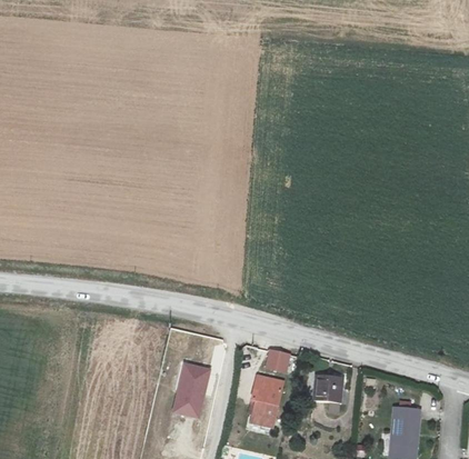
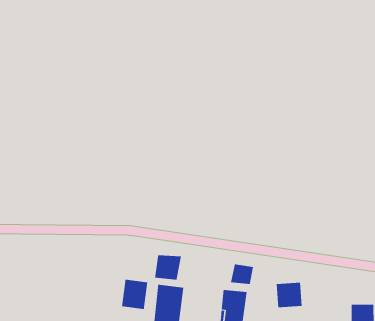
building: none -> [155,254,182,280]
building: none -> [122,279,148,310]

